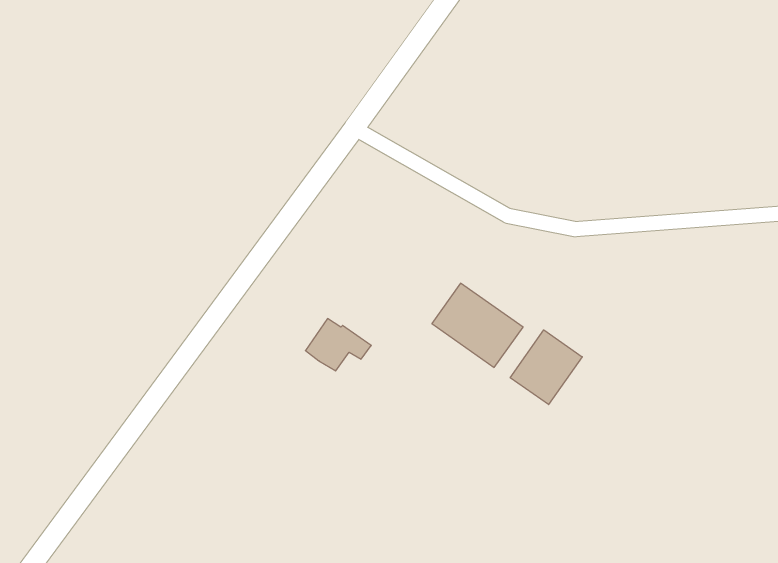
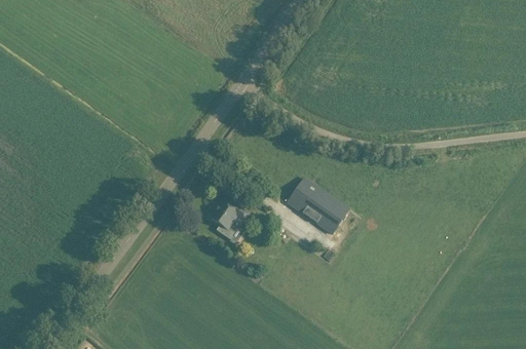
building: [510,330,582,405] -> none

